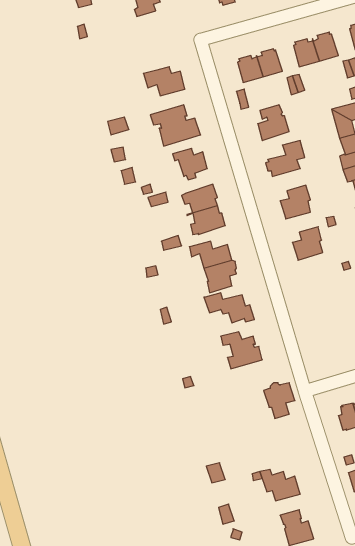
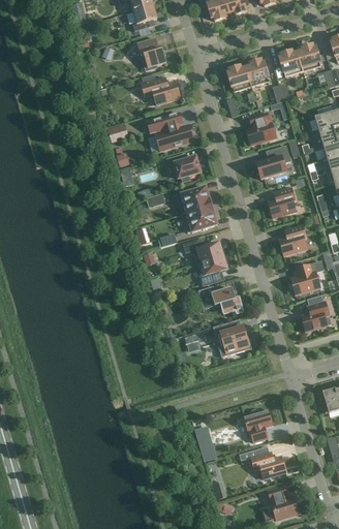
building: none -> [136,37,165,69]
building: none -> [289,260,323,294]
building: none -> [301,301,329,331]
building: [264,383,295,418] -> [243,408,272,441]

